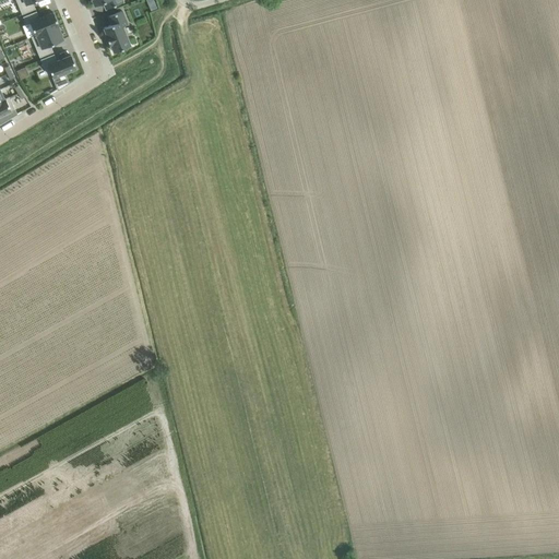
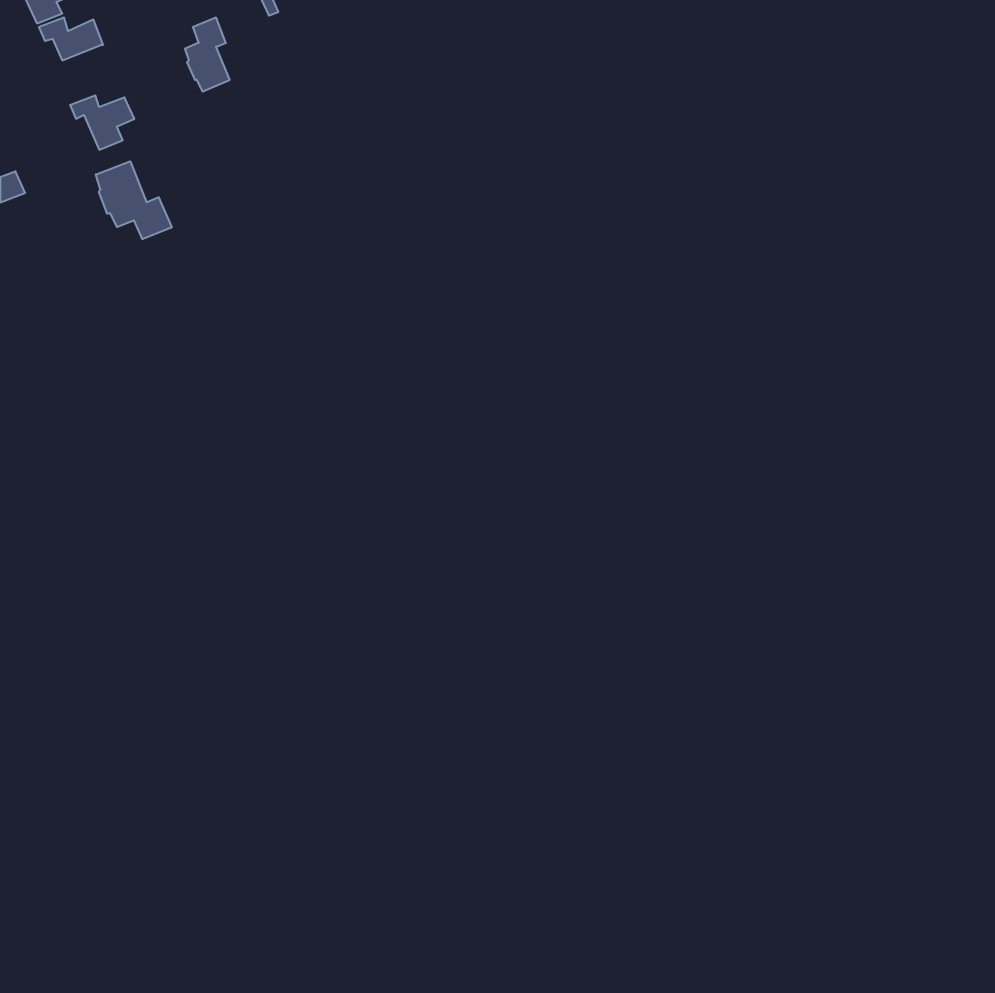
building: [31,25,62,57] -> none
building: none -> [96,161,172,239]

